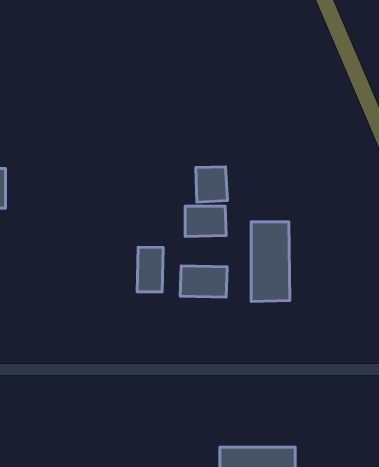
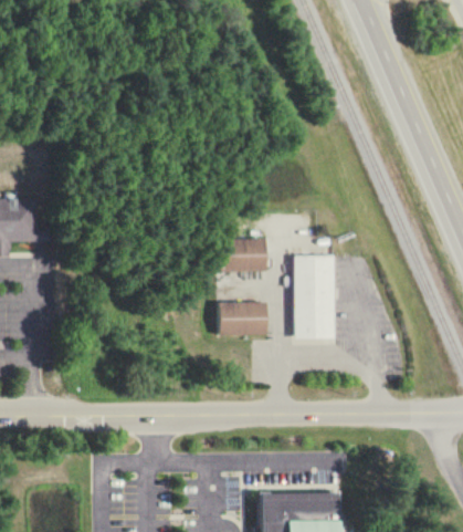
building: [196,167,227,202] -> none
building: [137,247,163,292] -> none

